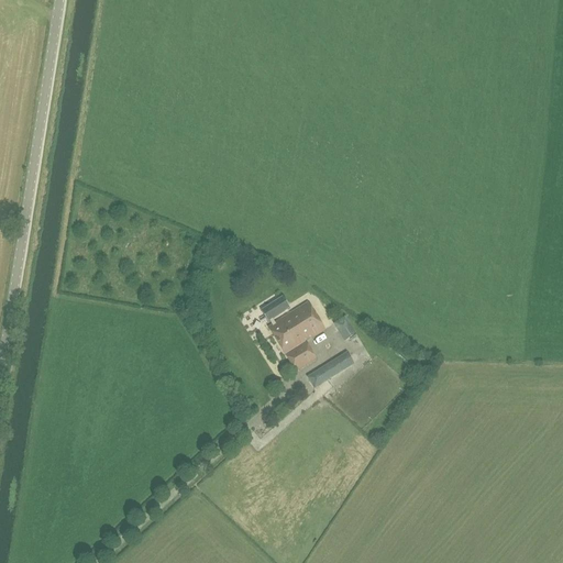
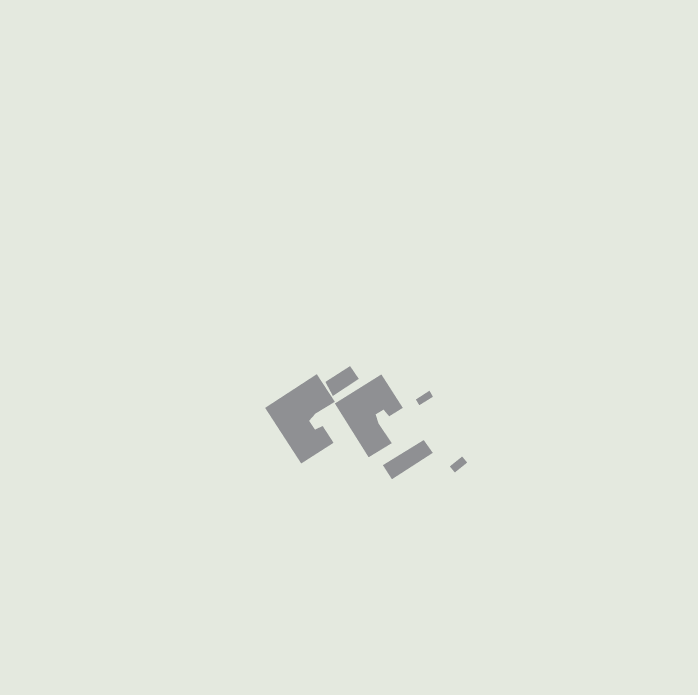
building: none -> [264,373,336,464]

